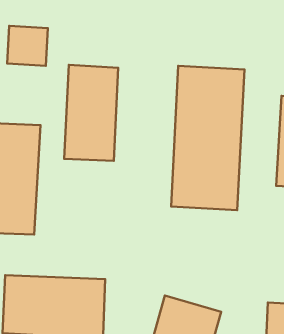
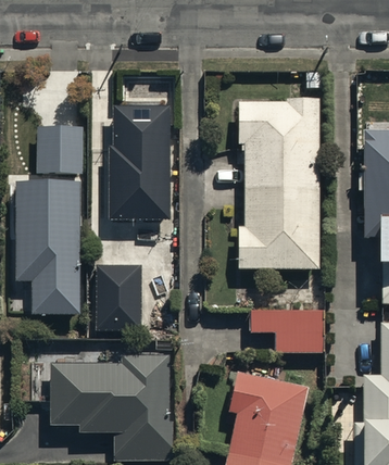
building: [7,26,48,66] -> [38,126,84,171]
building: none -> [95,265,142,330]
building: none -> [252,311,326,351]

